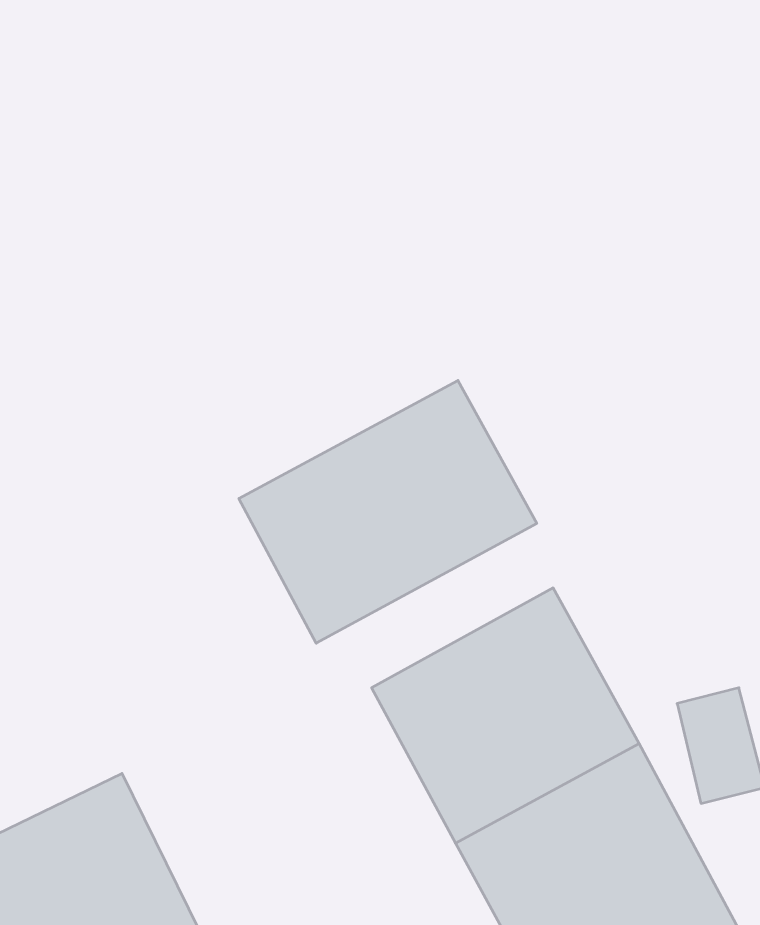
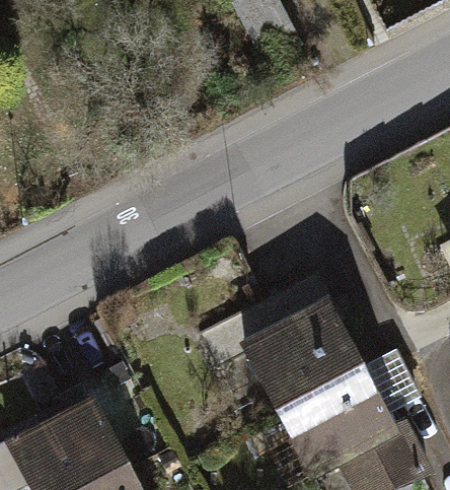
building: [239,380,537,643] -> none

